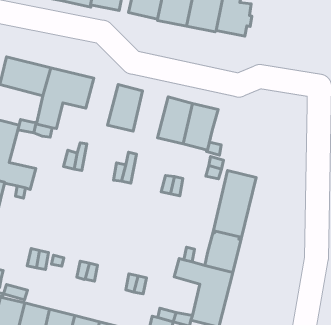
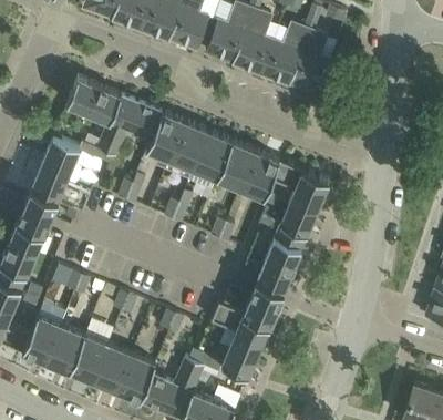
building: none -> [145,112,185,161]
building: none -> [188,132,233,192]
building: none -> [271,162,329,235]

